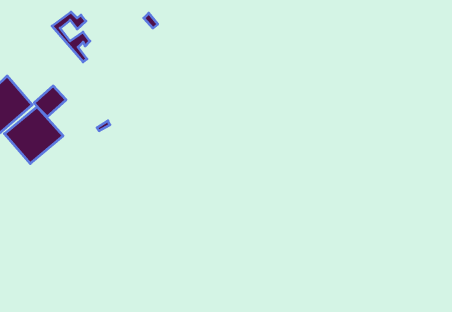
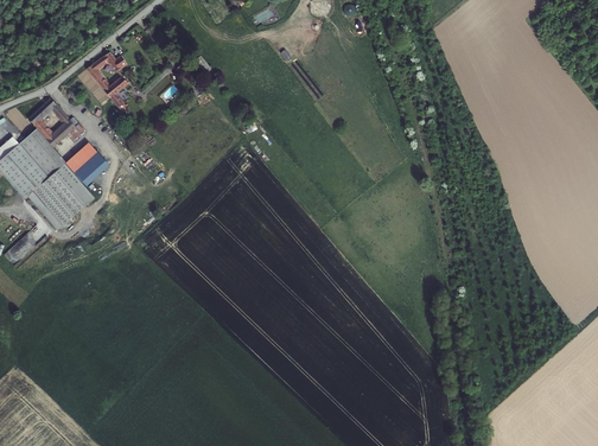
building: none -> [30,98,79,148]

